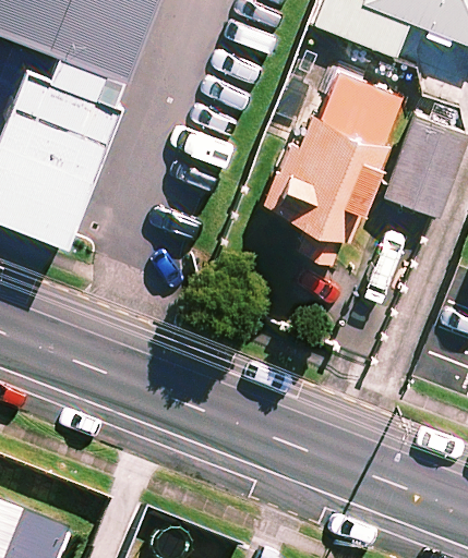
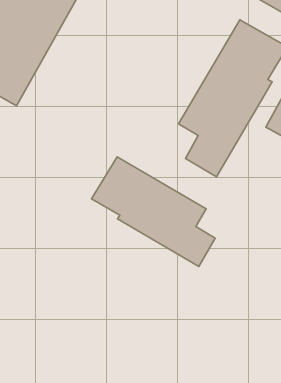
building: none -> [92,157,215,266]

